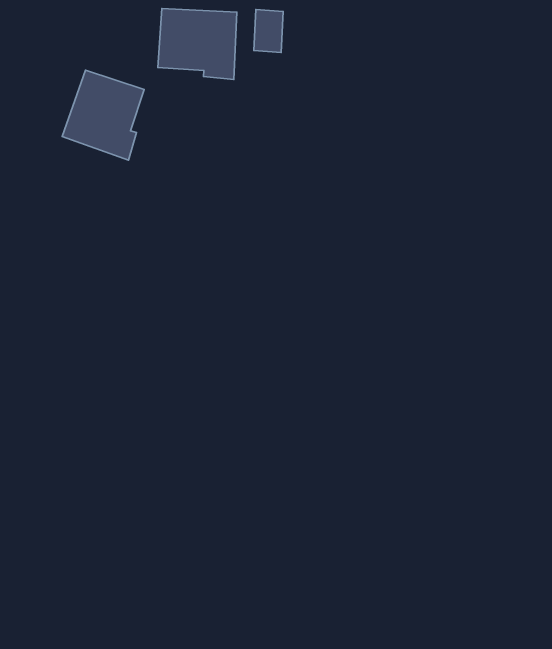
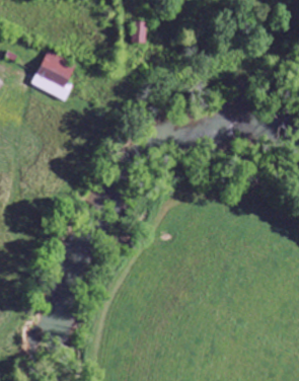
building: [158,9,237,79] -> none

